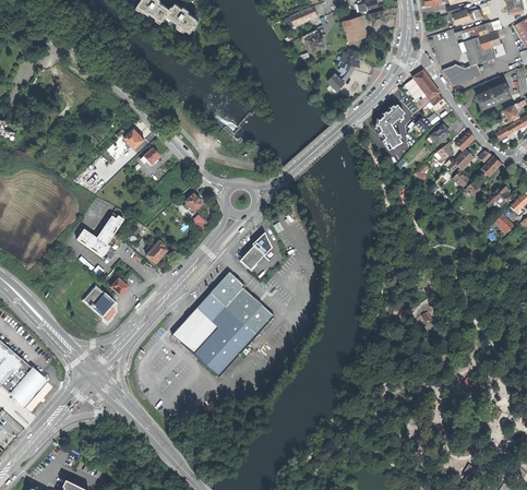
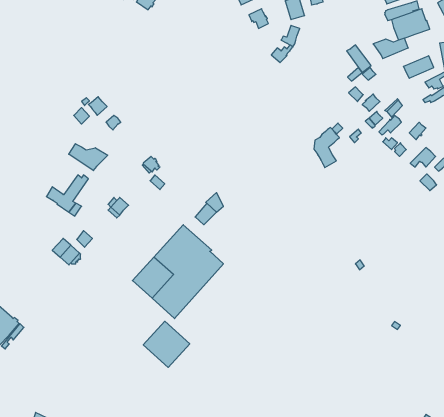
building: [375,106,404,151] -> [314,128,339,168]
building: none -> [69,144,108,171]
building: none -> [143,321,190,367]

